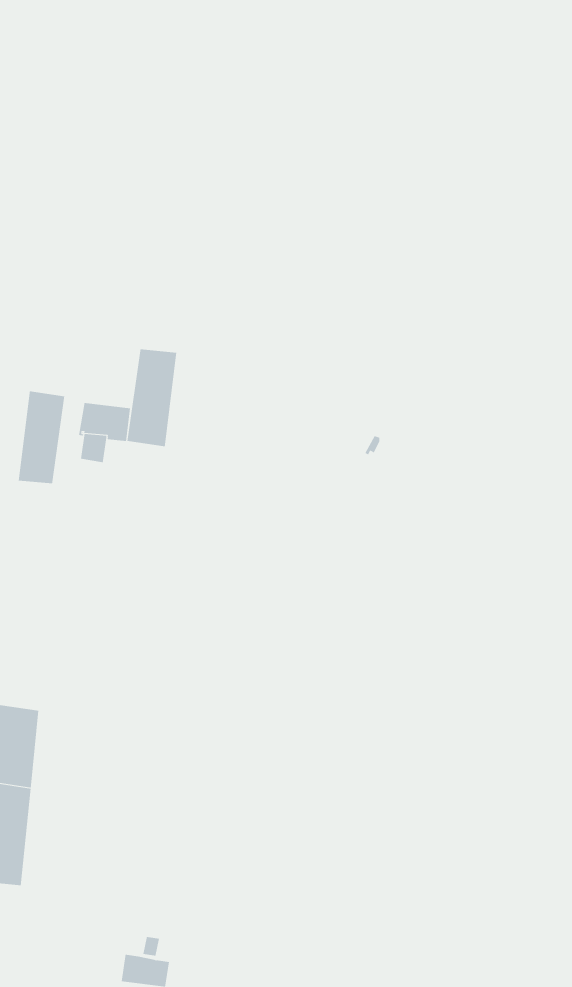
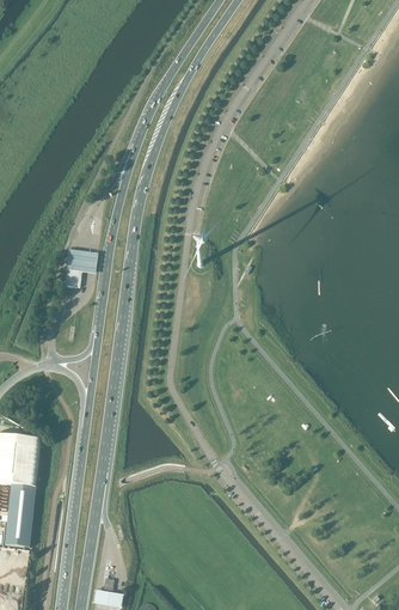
building: [127,349,177,447] -> none
building: [18,391,65,484] -> none

